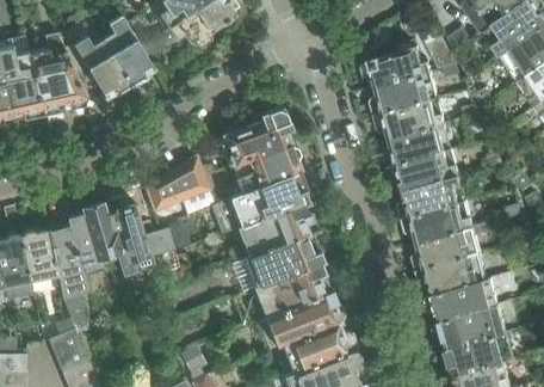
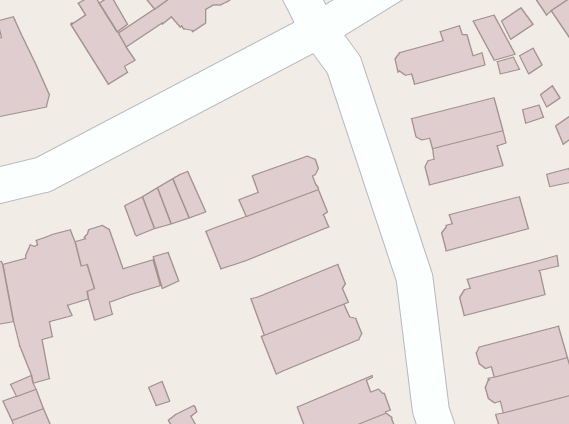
building: [63,36,132,97] -> none
building: [370,72,439,115] -> none
building: [218,108,291,166] -> none
building: [388,149,459,191] -> none
building: [240,202,319,257] -> none
building: [401,202,472,242] -> none
building: [415,254,487,296] -> none
building: [266,290,345,346] -> none

